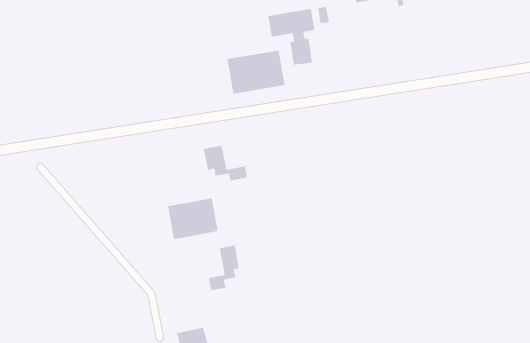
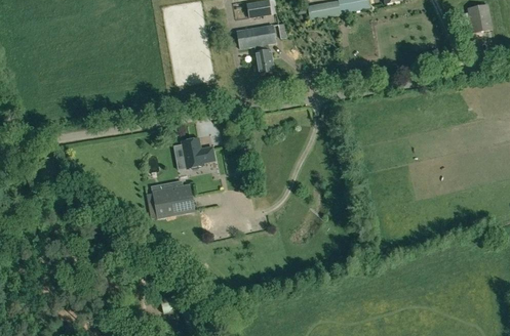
building: [227,50,285,94] -> none
building: [208,244,240,291] -> none

